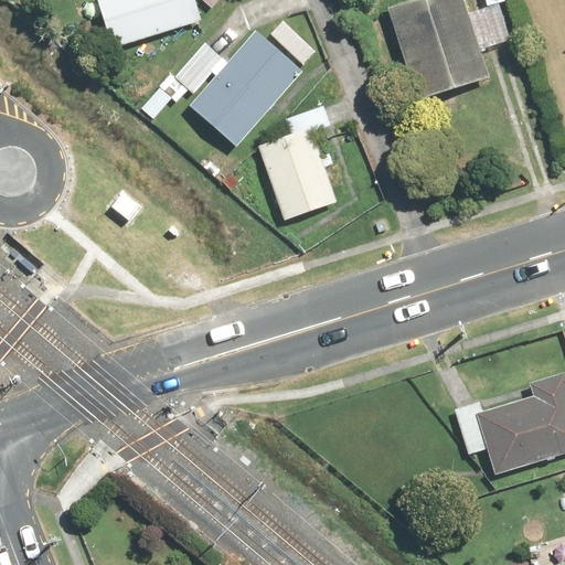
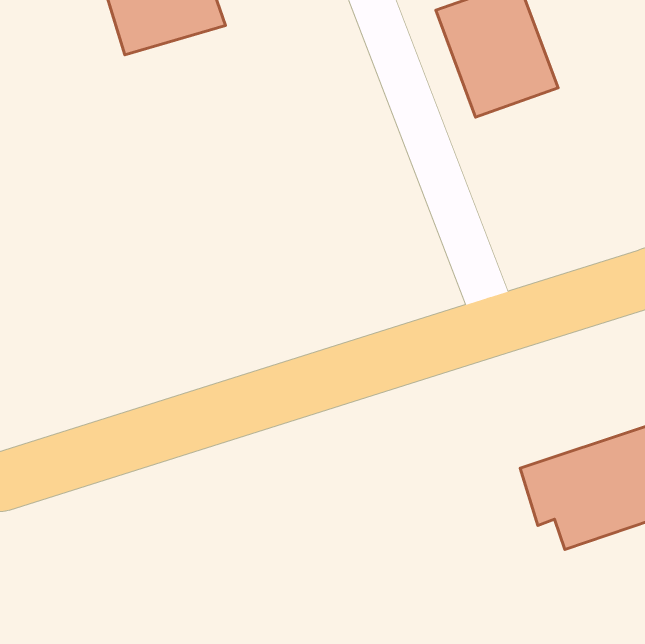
building: [192,29,307,147] -> none
building: [258,126,340,216] -> none

